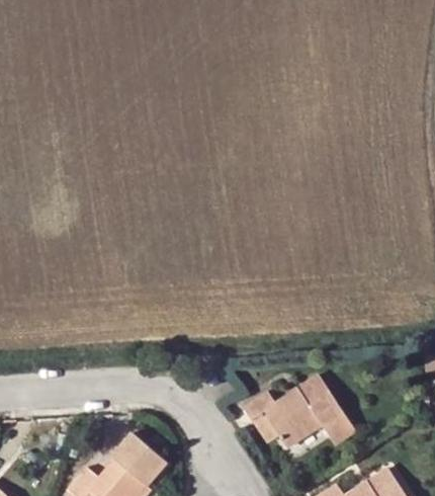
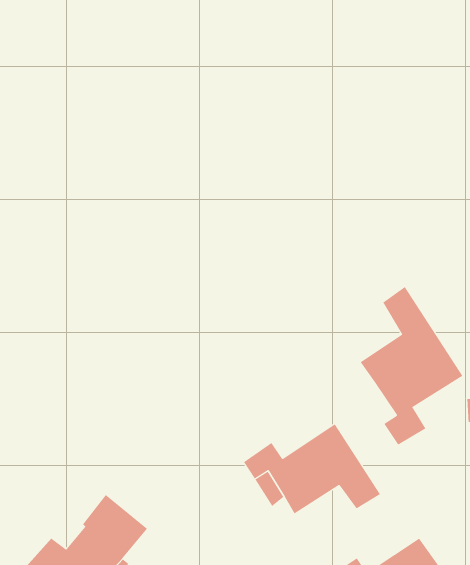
building: none -> [360,286,463,445]

